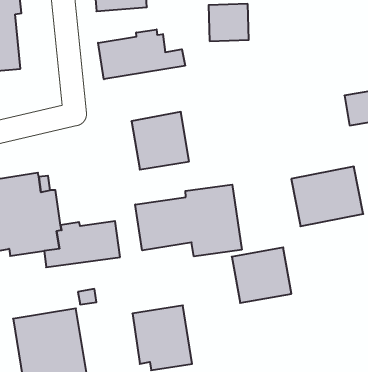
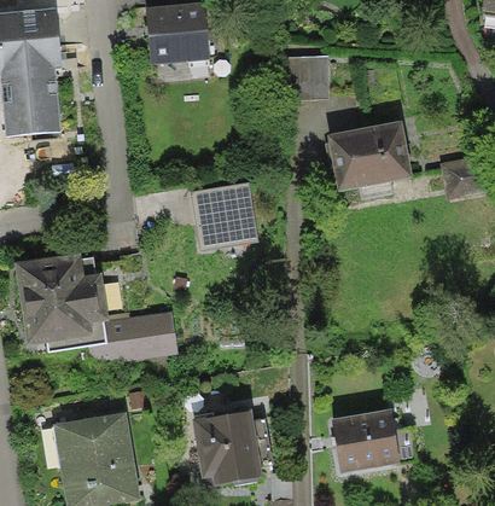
building: [98,29,185,79] -> none
building: [291,167,363,226] -> [327,121,412,191]
building: [135,185,242,256] -> none
building: [232,247,291,303] -> [331,408,401,473]

